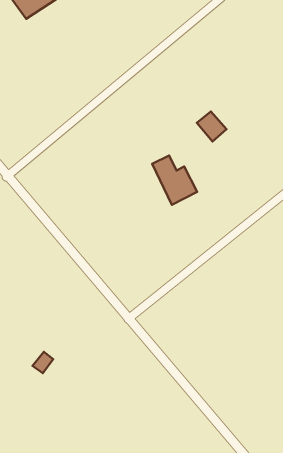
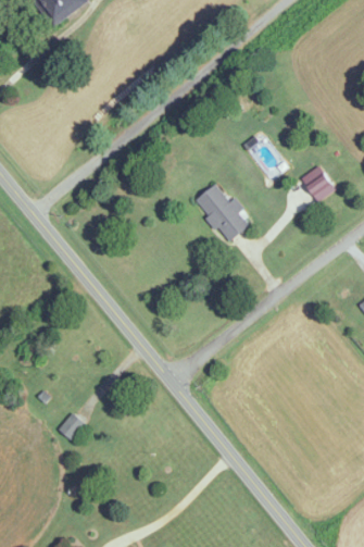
building: [197,112,227,141] -> [300,166,335,201]

